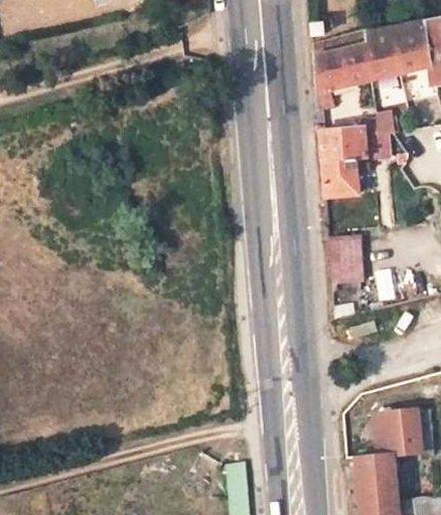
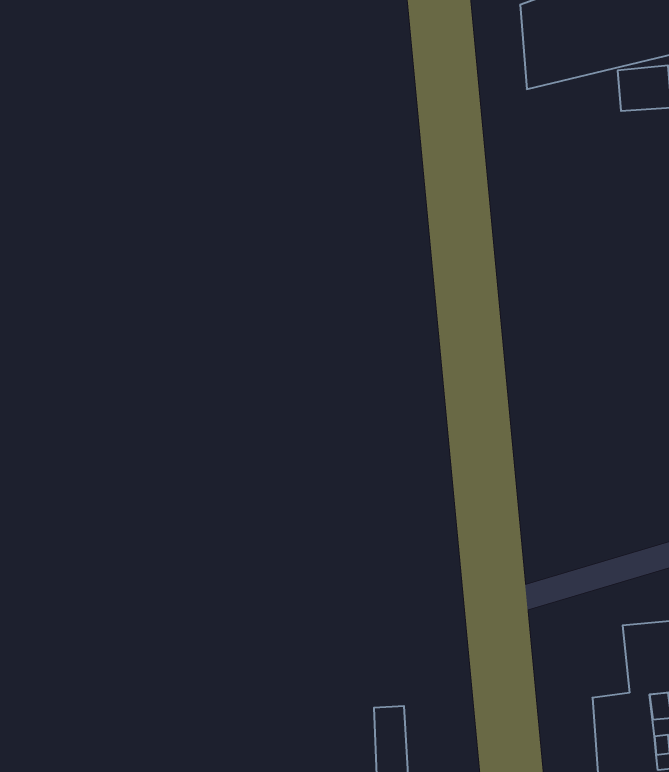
building: [320,125,387,197] -> none
building: [326,234,361,285] -> none

